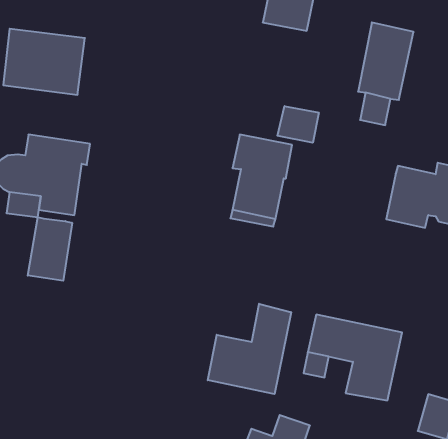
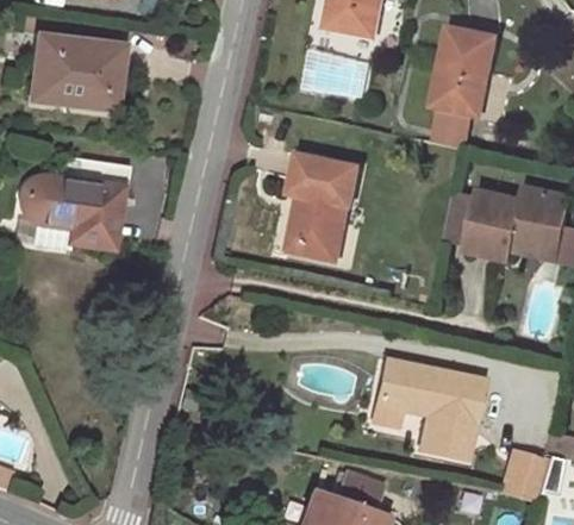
building: [277,106,319,143] -> none
building: none -> [443,193,476,244]
building: [28,217,72,281] -> none
building: [208,304,291,394] -> none

